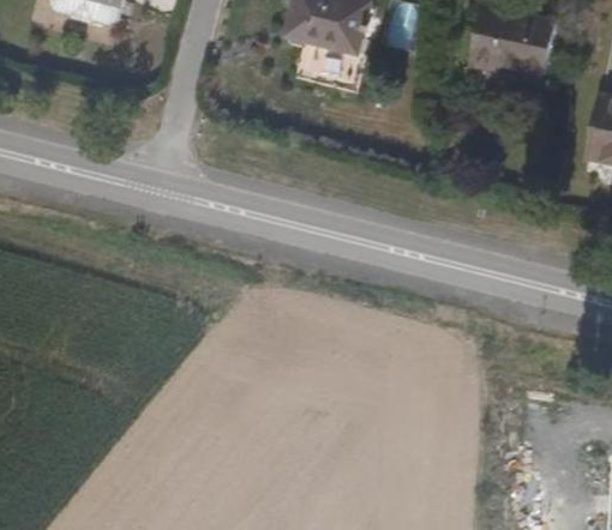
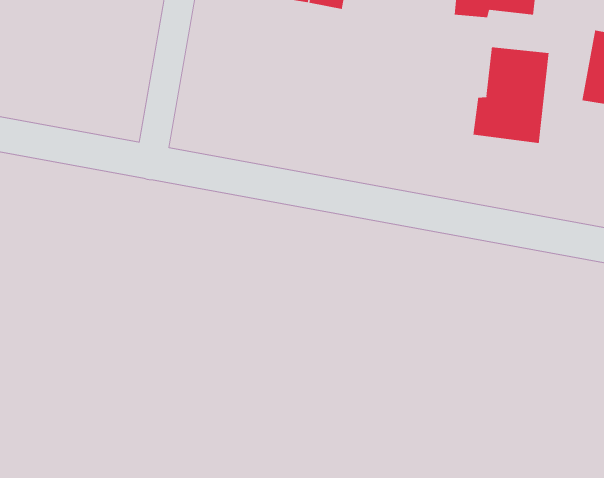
building: none -> [473,47,549,144]

